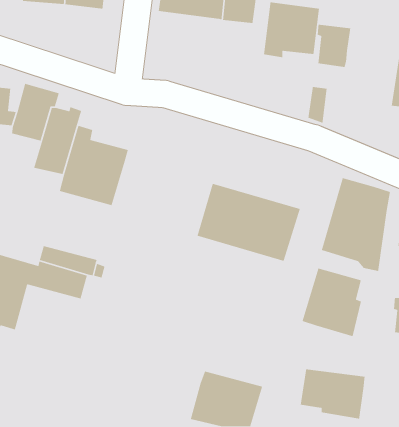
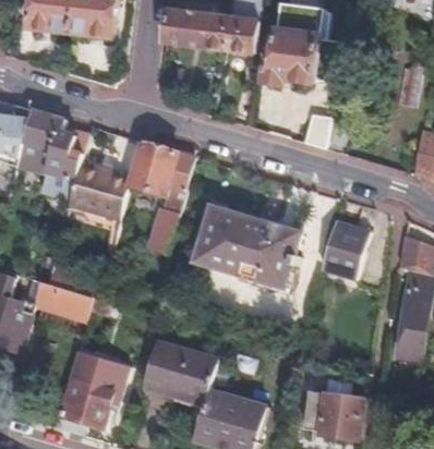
building: [317,24,351,68] -> none
building: none -> [129,142,195,254]
building: [301,267,362,337] -> none
building: none -> [145,343,215,403]
building: none -> [55,354,120,436]

